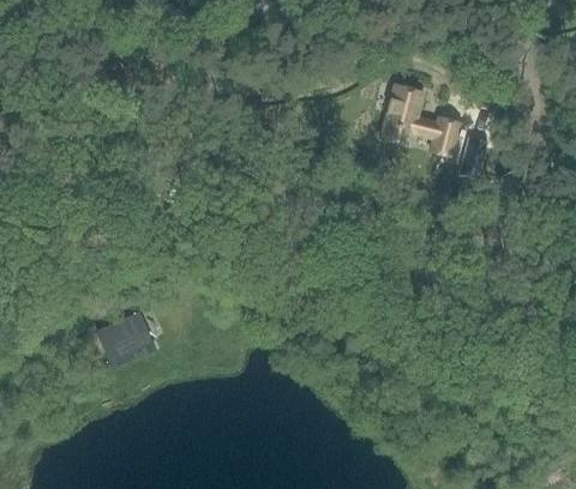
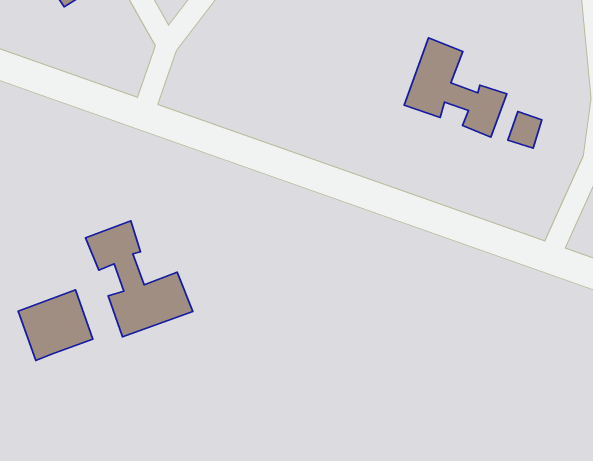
building: none -> [85,221,193,337]

